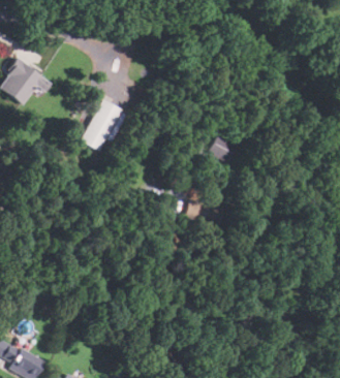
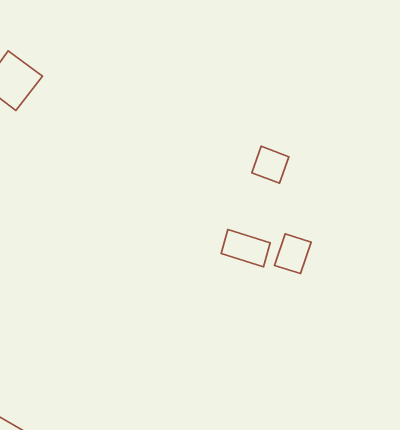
building: [81,99,123,152] -> none
building: none -> [275,234,311,274]

